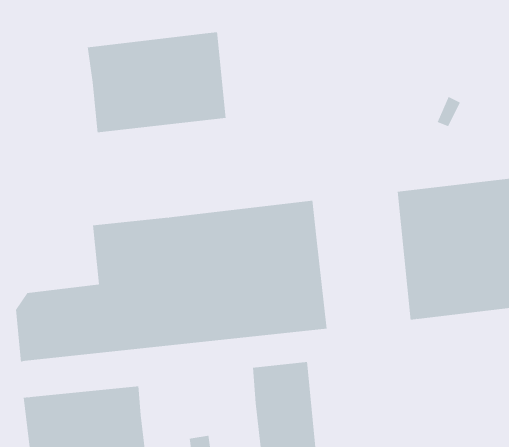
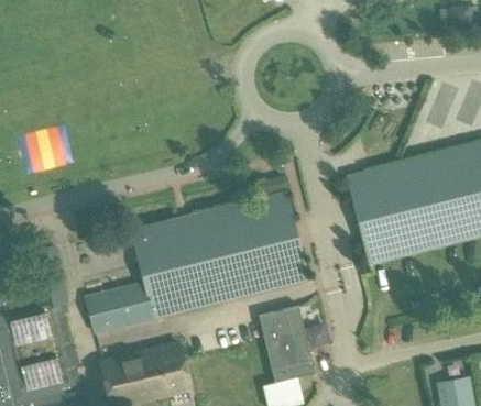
building: [87,31,226,133] -> none

